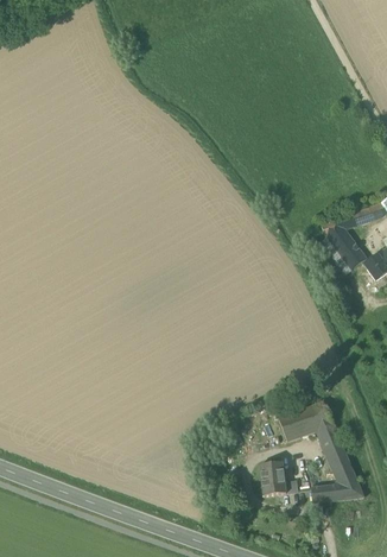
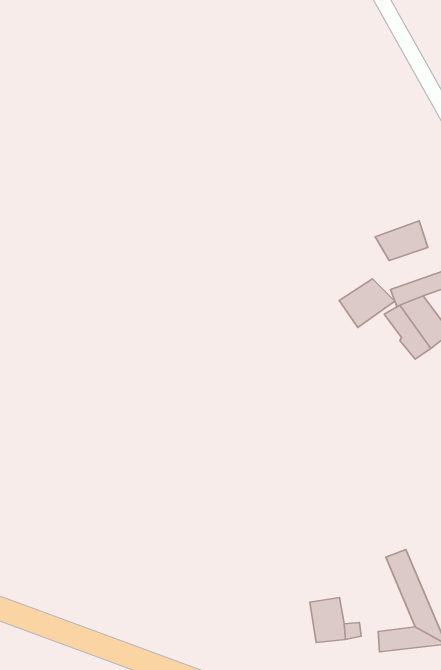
building: none -> [375,221,428,260]
building: none -> [339,279,395,328]
building: [278,400,332,439] -> none

